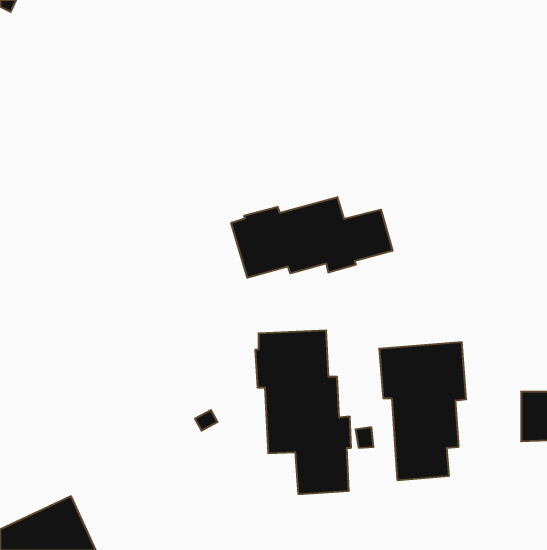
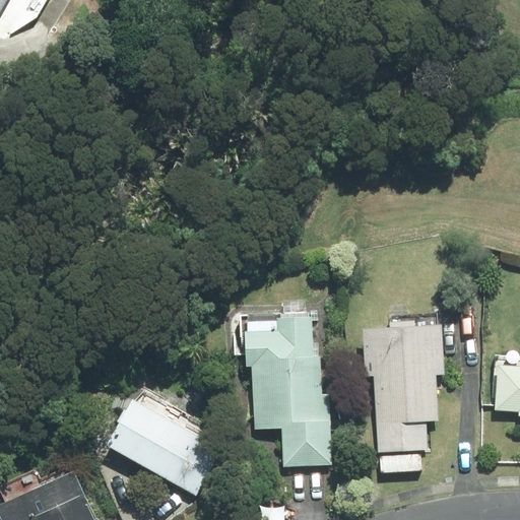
building: [231,197,392,278] -> none
building: none -> [104,399,220,496]

